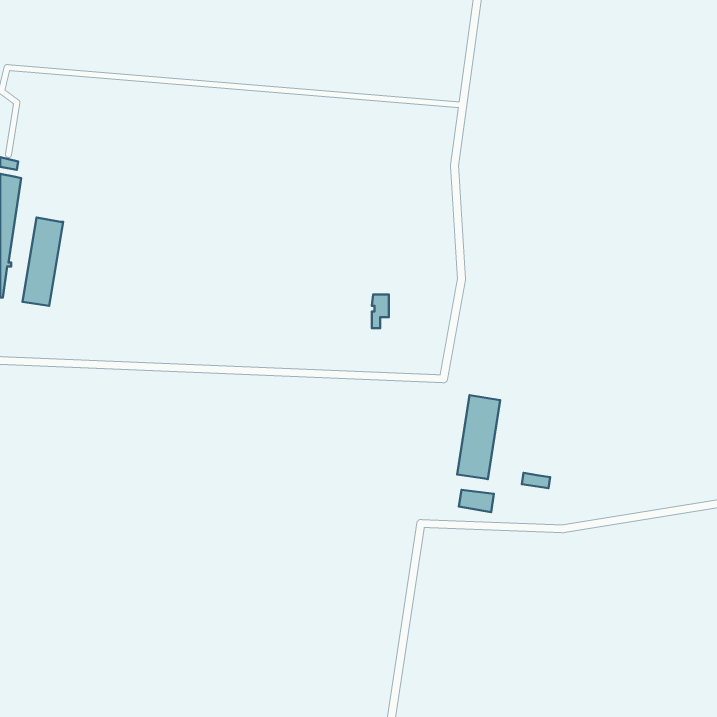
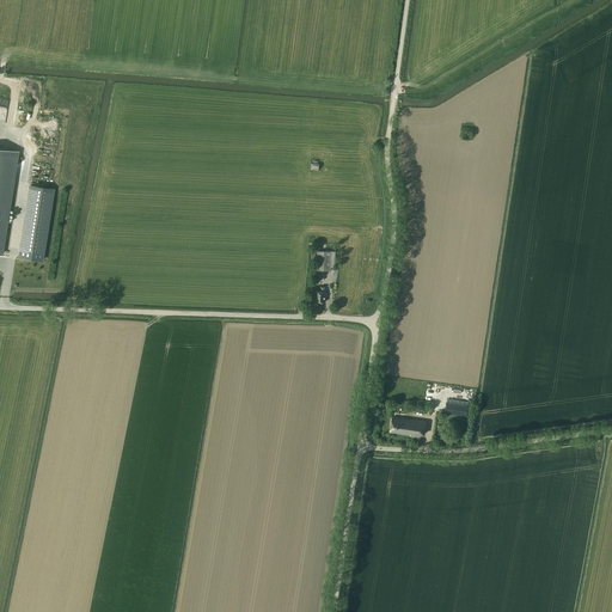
building: [457,395,500,479] -> none

